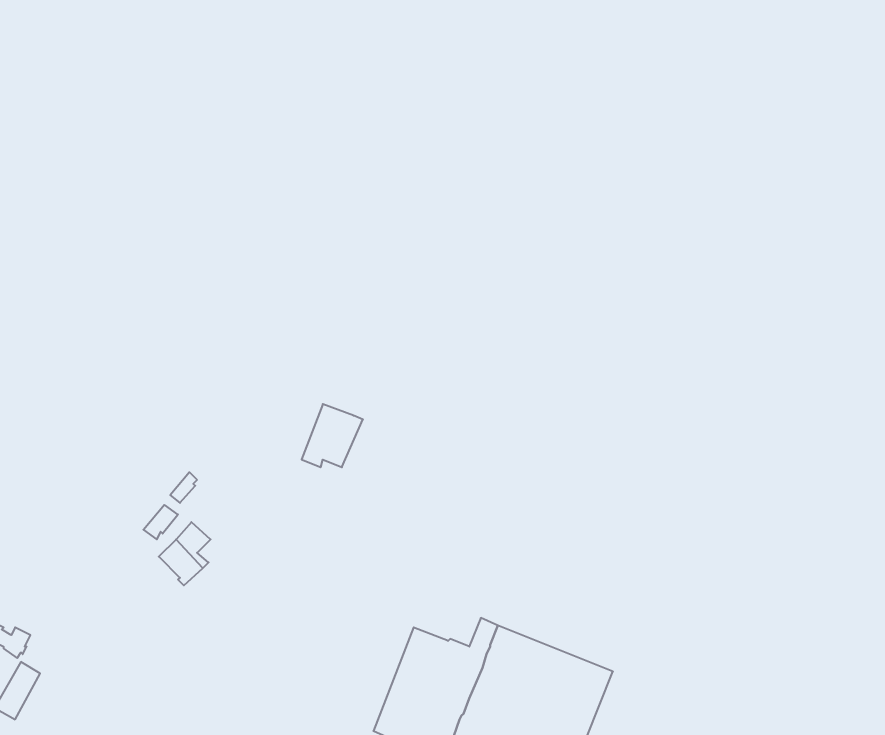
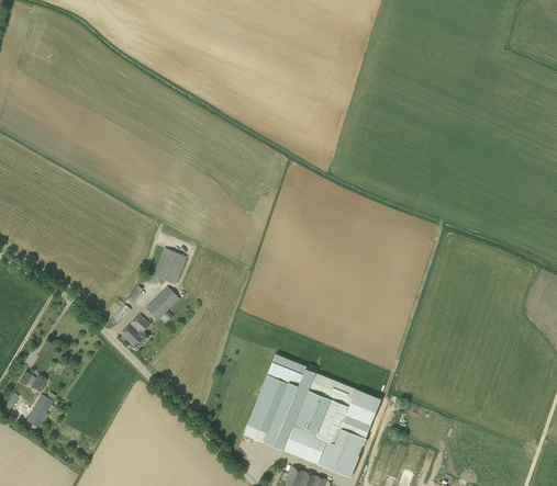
building: [302,404,363,467] -> [151,248,186,284]
building: none -> [144,286,179,320]
building: none -> [267,353,305,385]

